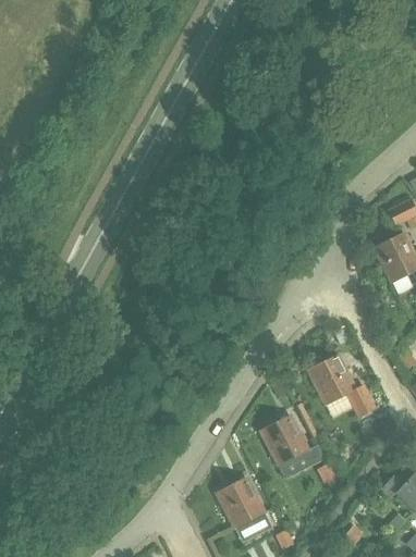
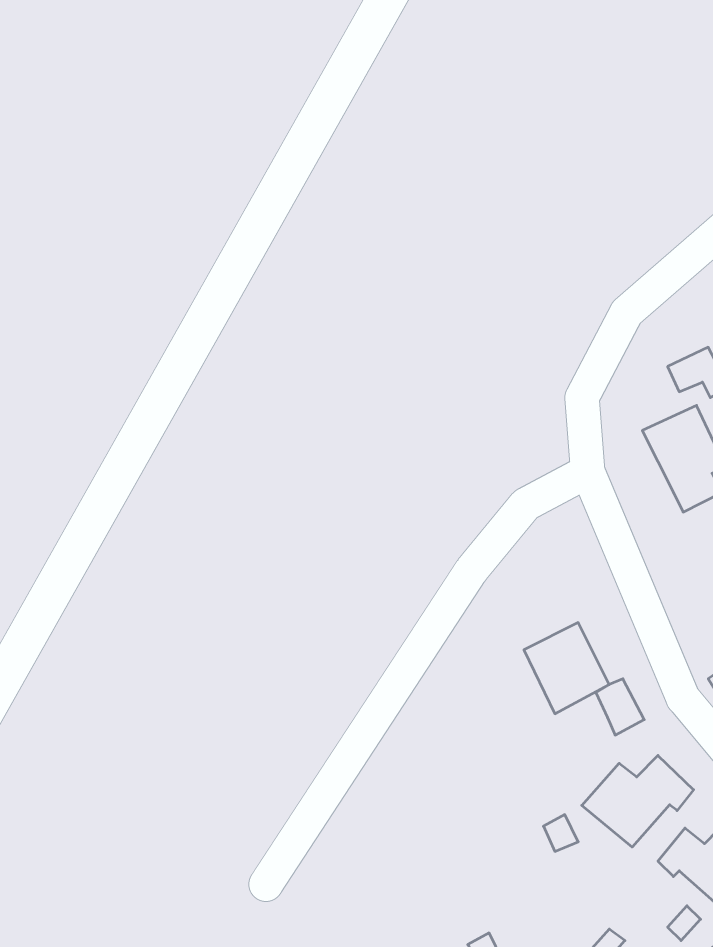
building: [260,414,308,465] -> none
building: none -> [582,755,694,847]
building: [217,476,264,527] -> none

